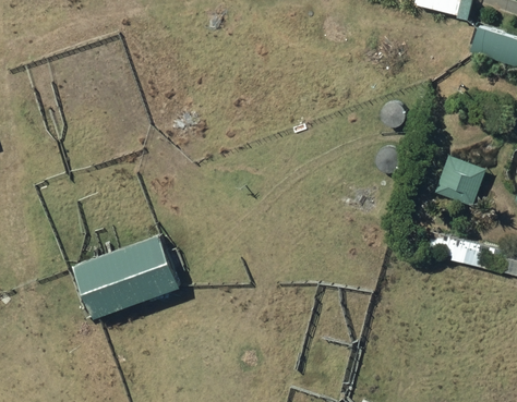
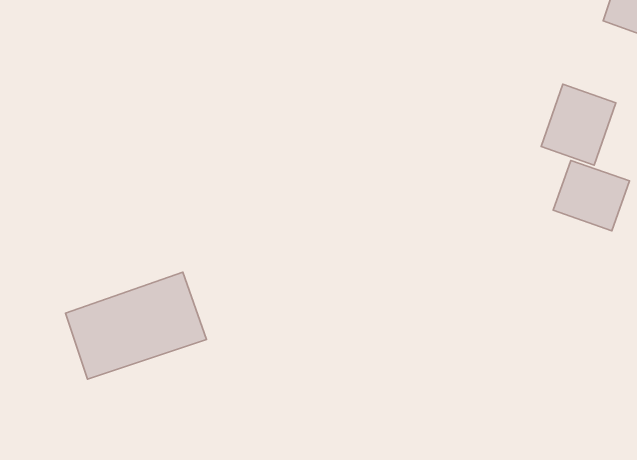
building: none -> [541,84,616,165]

